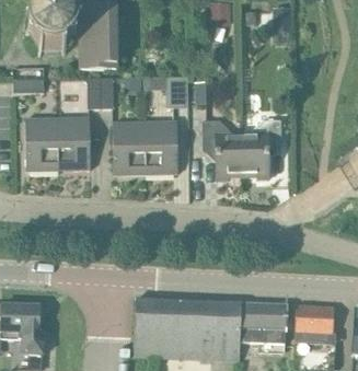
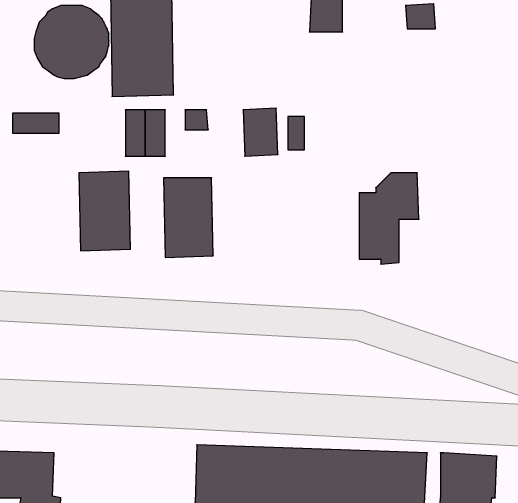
building: [25,118,58,170] -> none
building: [201,119,242,178] -> none
building: [145,121,178,173] -> none

